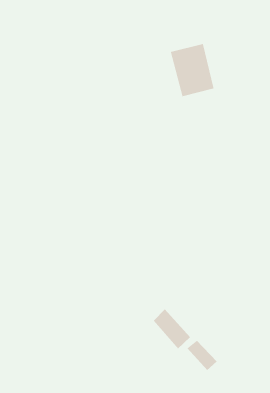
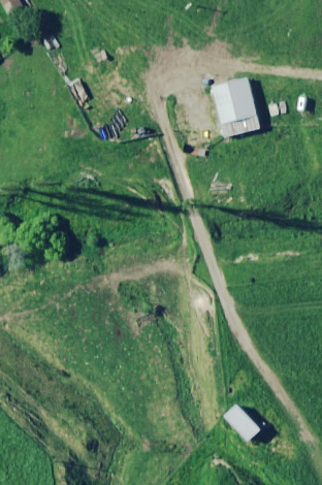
building: [153,308,191,349] -> none

